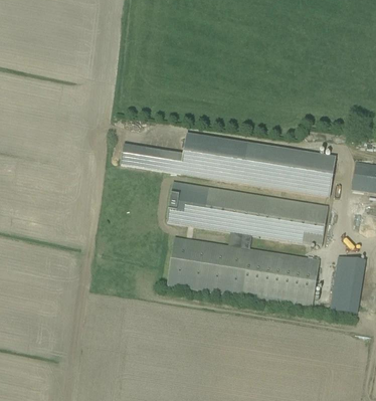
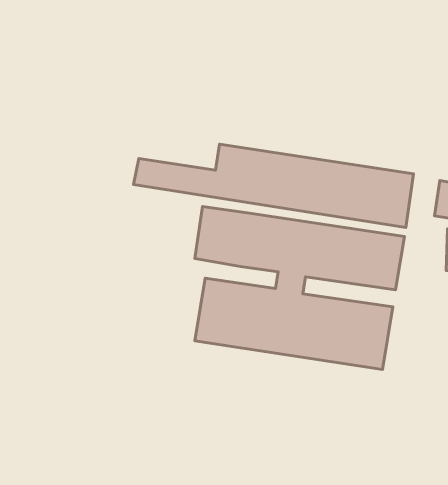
building: [330,254,358,312] -> none

